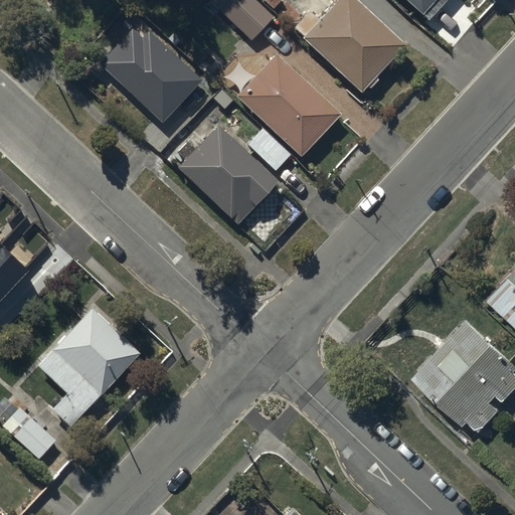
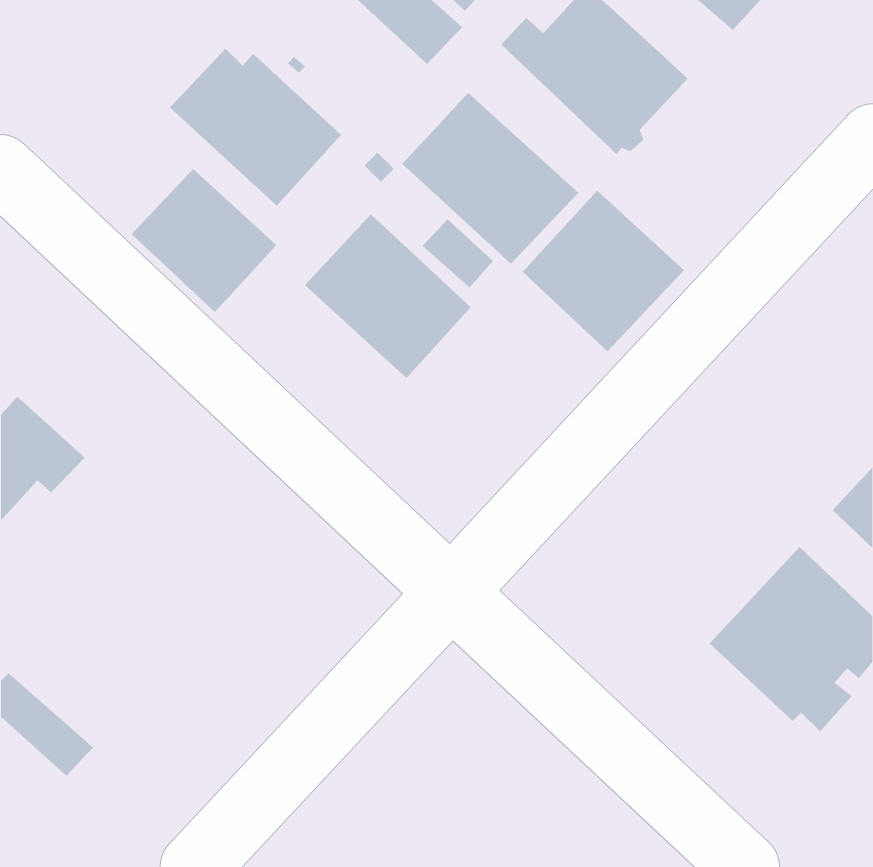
building: none -> [131,168,277,313]
building: none -> [522,190,685,352]
building: [35,309,139,426] -> none

